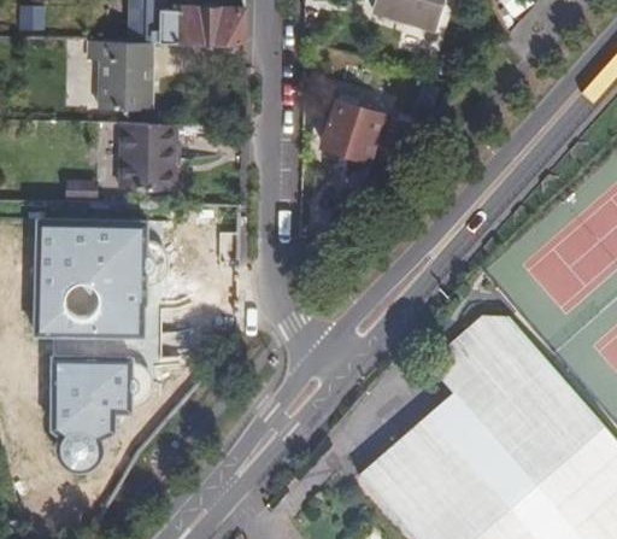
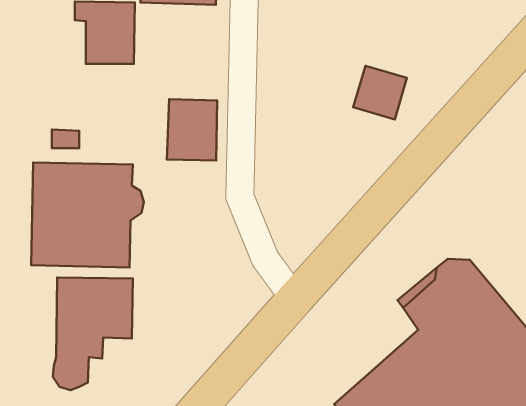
building: [321,102,380,162] -> [353,66,407,119]
building: [117,123,172,191] -> [167,99,217,161]

